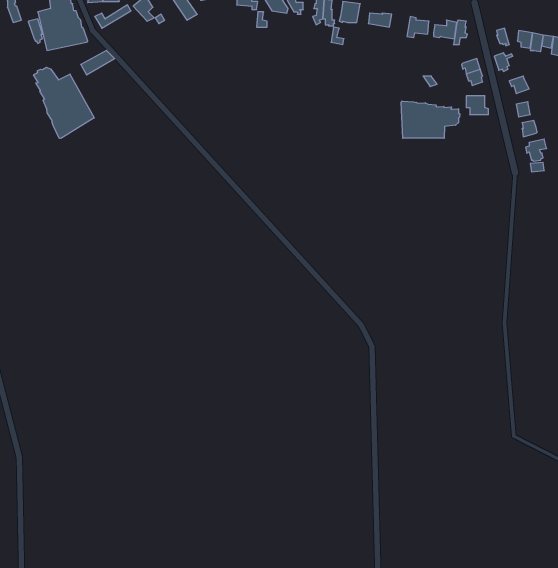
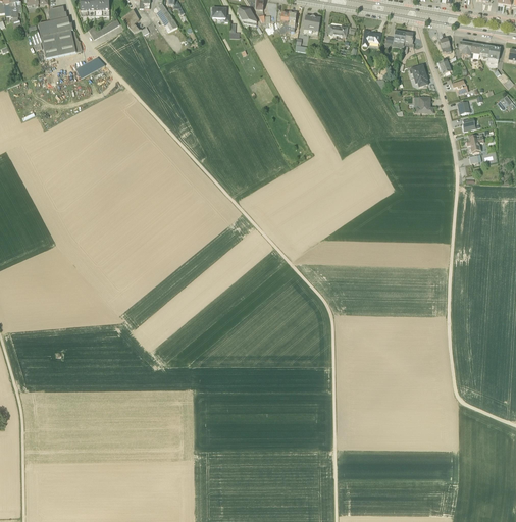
building: [34,67,94,138] -> none
building: [401,101,460,138] -> none

